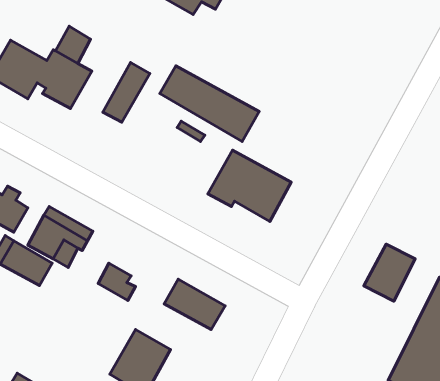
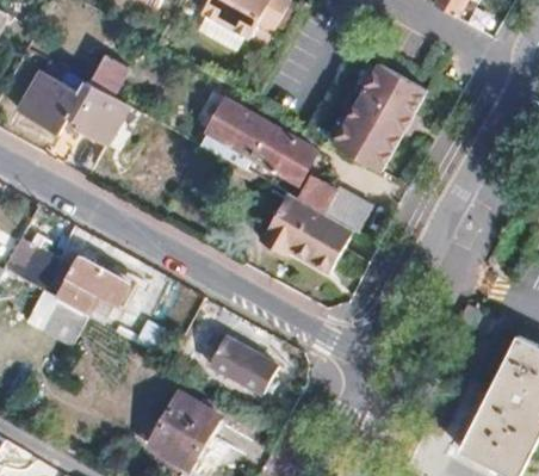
building: none -> [330,63,425,169]
building: [103,63,150,122] -> none
building: none -> [293,175,371,231]
building: [364,244,415,301] -> none

